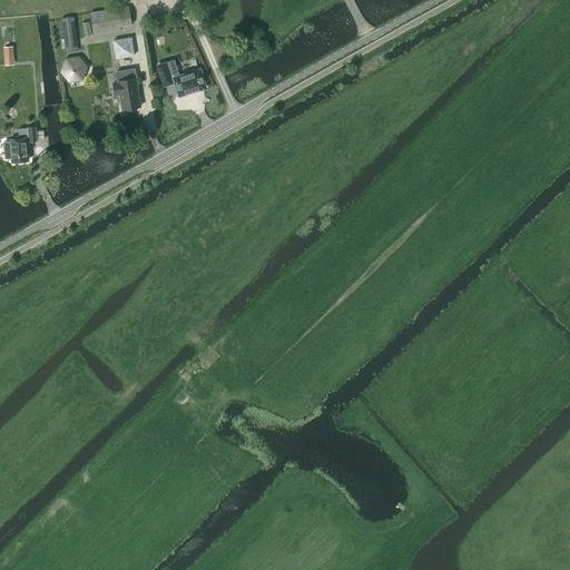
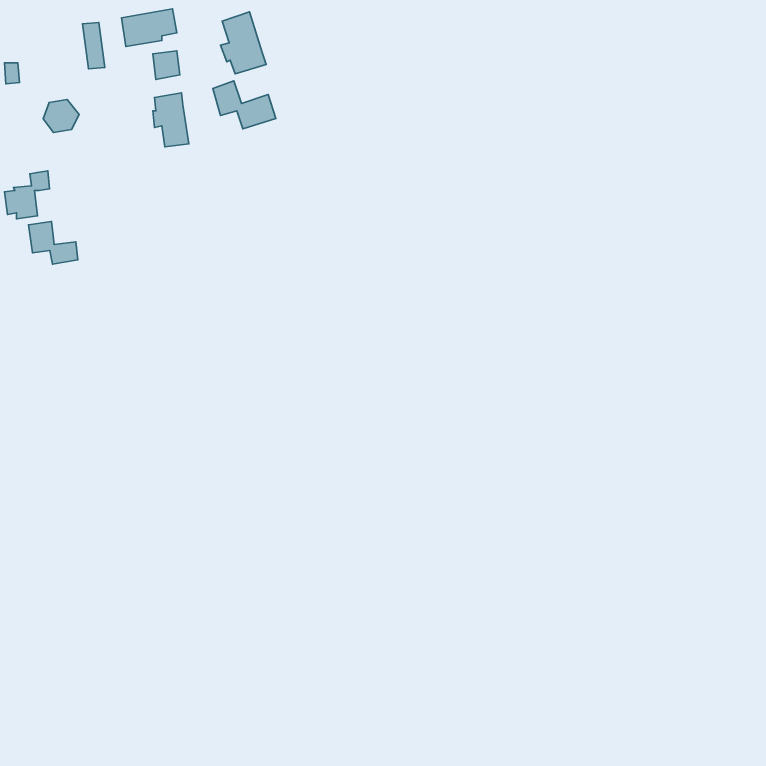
building: none -> [220,12,266,74]
building: [60,53,87,78] -> [43,99,79,132]
building: none -> [28,221,78,264]

